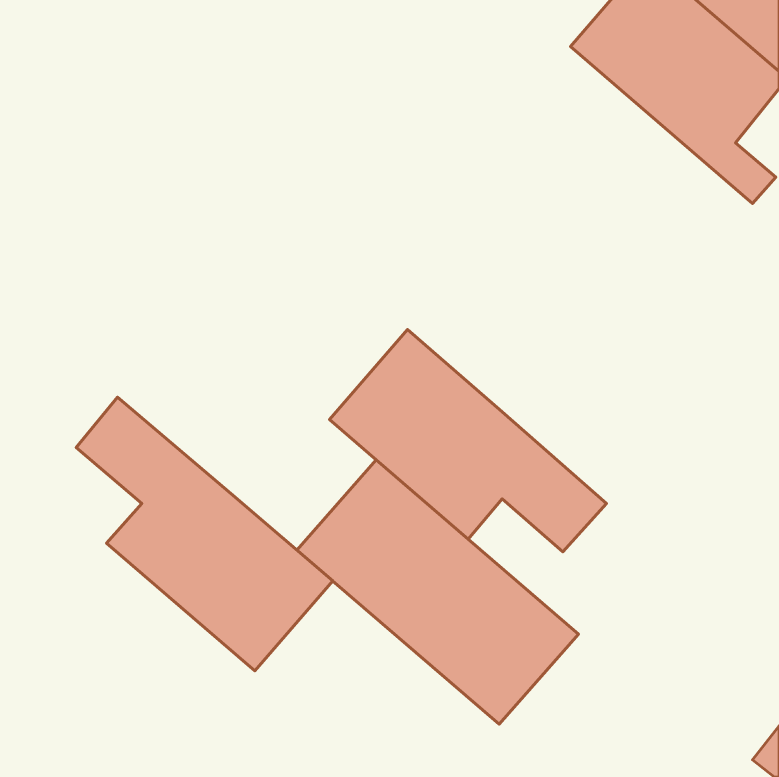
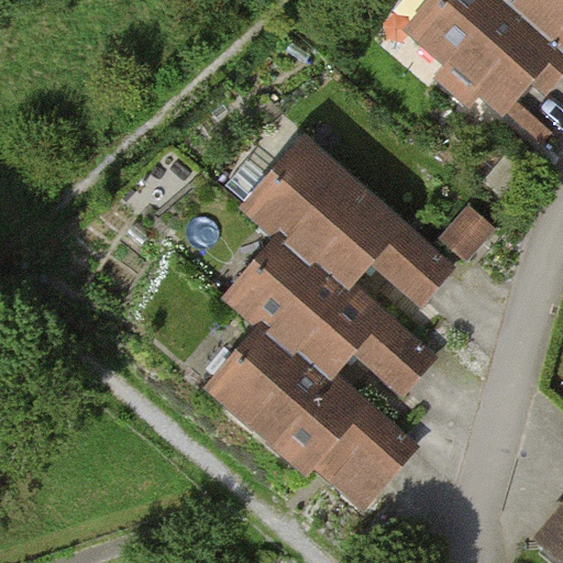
building: none -> [251,137,455,309]
building: [76,397,333,671] -> none

